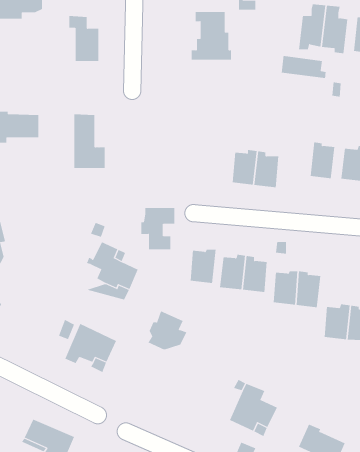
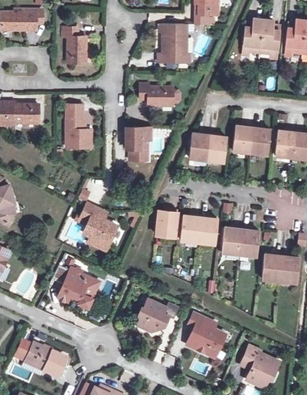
building: [281,55,326,79] -> none
building: none -> [140,84,181,106]
building: none -> [233,125,254,153]
building: [141,208,175,250] -> [124,127,151,160]
building: [148,310,187,350] -> [138,299,169,330]

